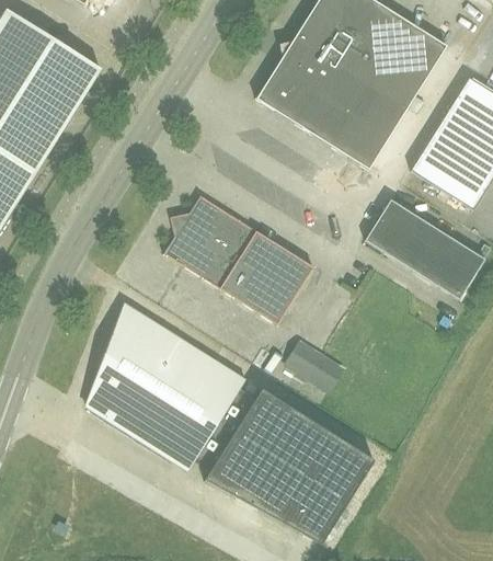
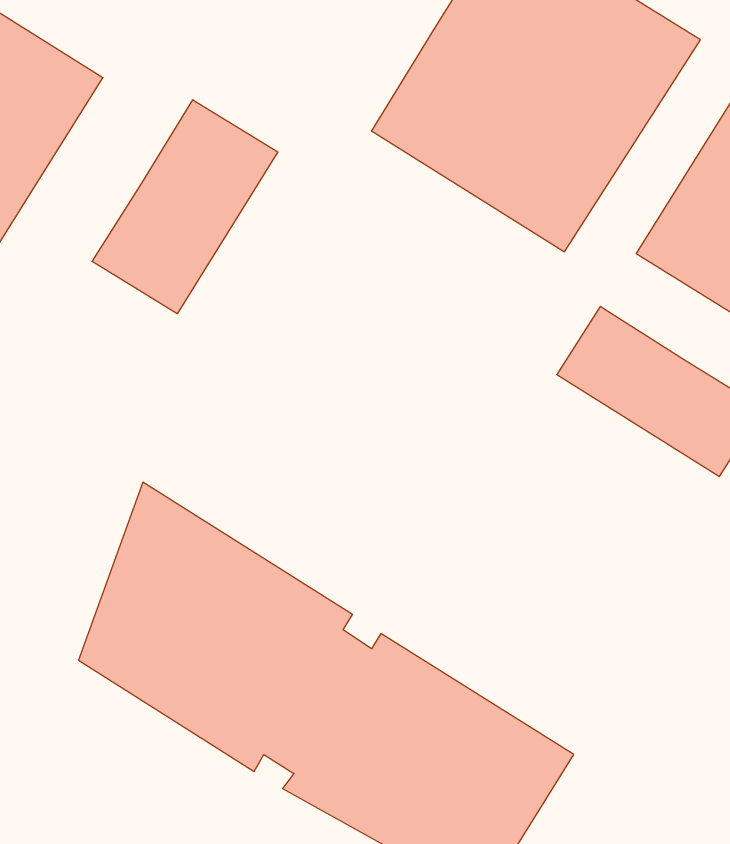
building: none -> [92,100,278,314]
building: [163,194,313,323] -> none
building: [287,344,342,390] -> none

